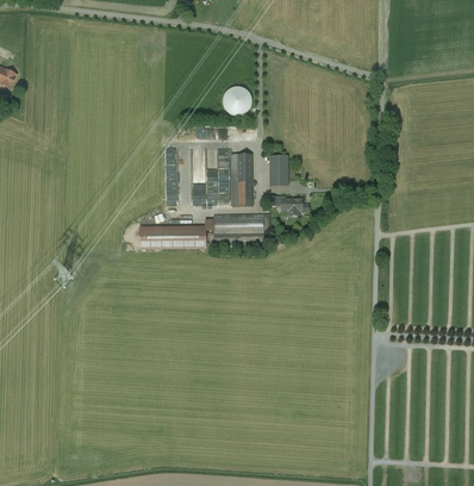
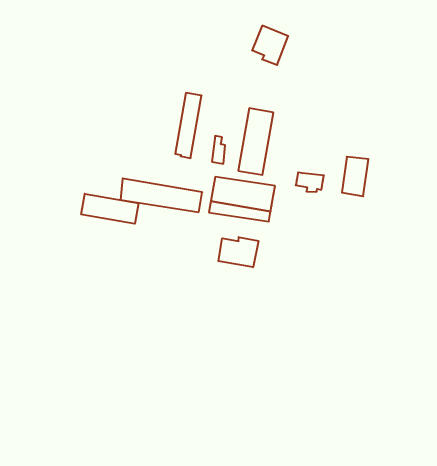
building: [267,154,286,185] -> [342,157,368,196]
building: none -> [81,194,139,224]
building: none -> [219,237,258,267]

